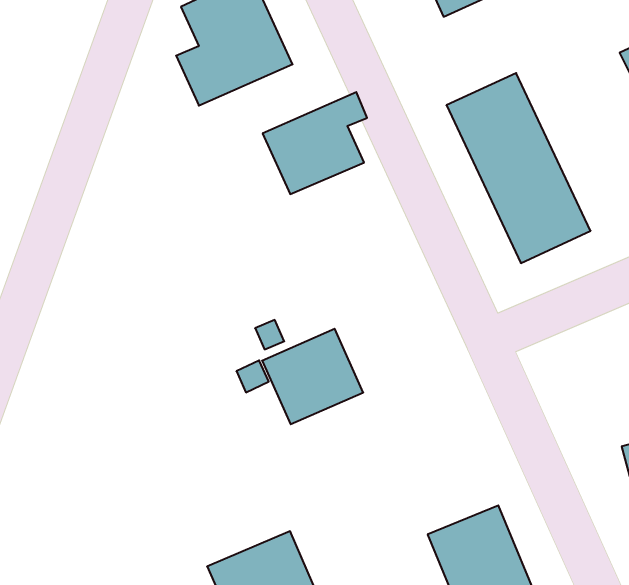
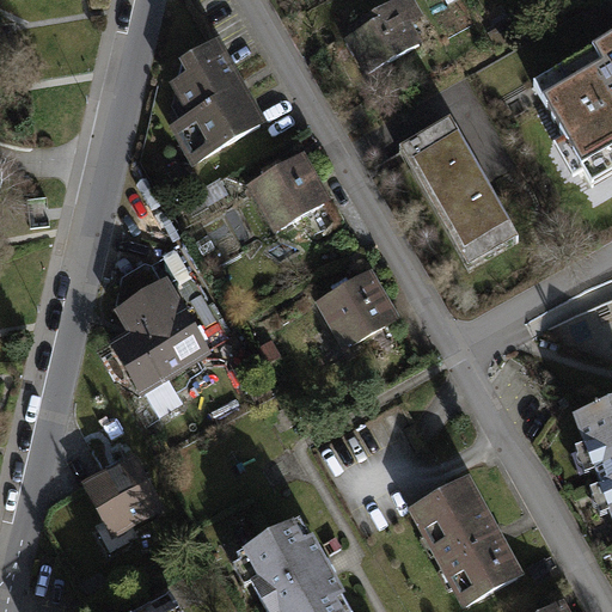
building: none -> [110,262,210,393]
building: [262,329,363,424] -> [314,268,400,350]
building: none -> [78,457,164,541]

